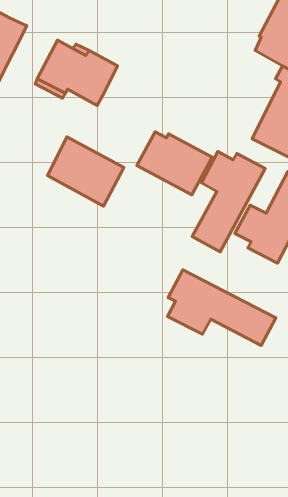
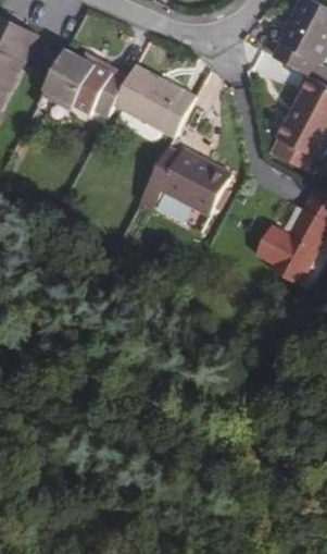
building: [47,137,124,206] -> [114,62,196,136]
building: [192,151,265,252] -> none
building: [167,270,276,346] -> none

